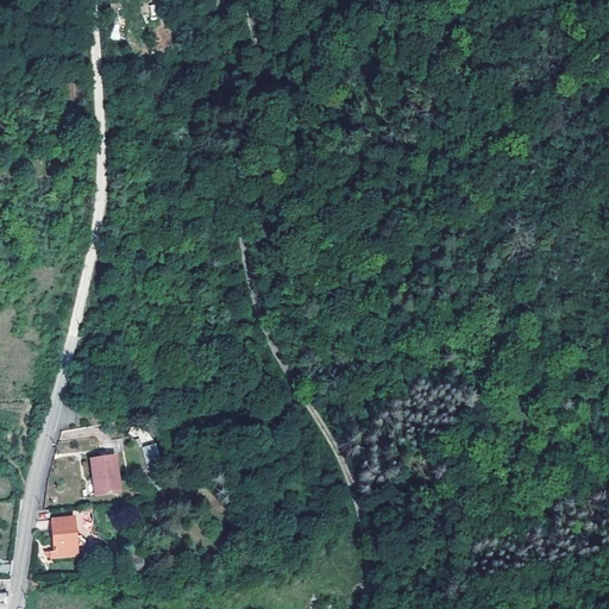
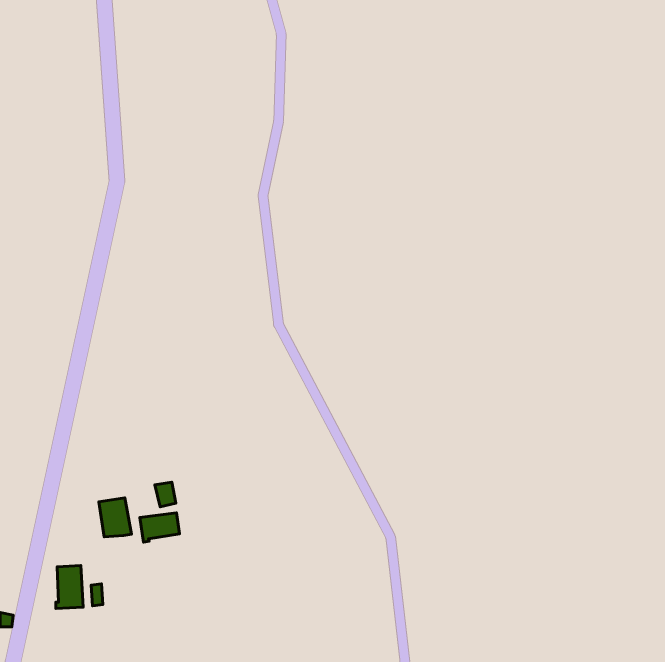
building: none -> [140,513,179,542]

